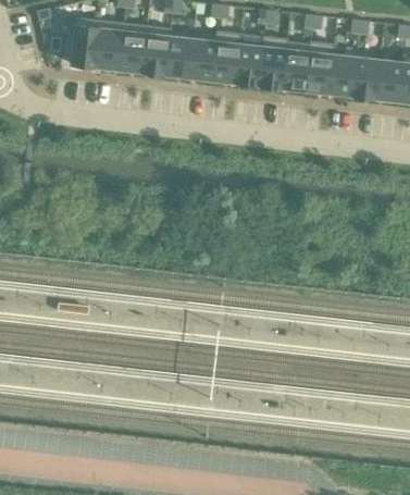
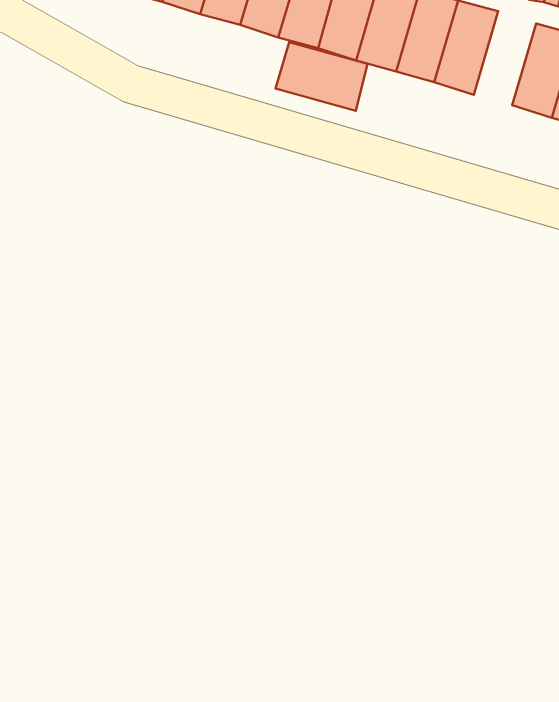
building: [282,40,310,92] -> none
building: none -> [275,42,368,111]

